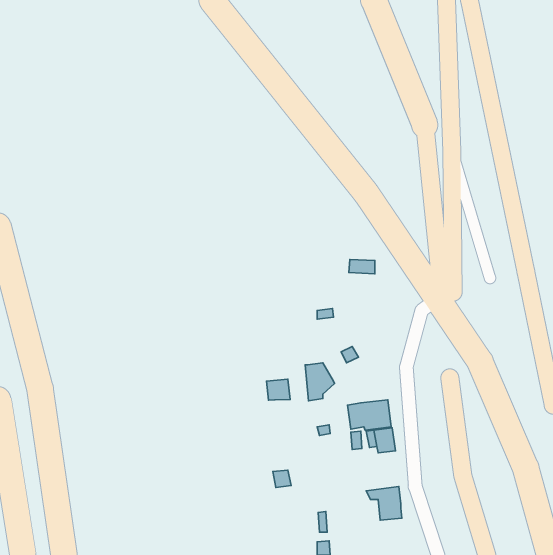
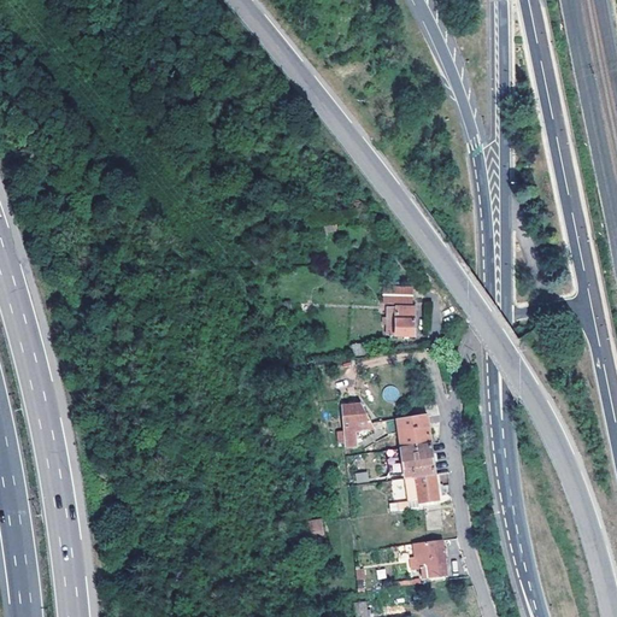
building: none -> [387,306,415,335]
building: none -> [395,413,430,447]
building: [267,379,290,400] -> none

